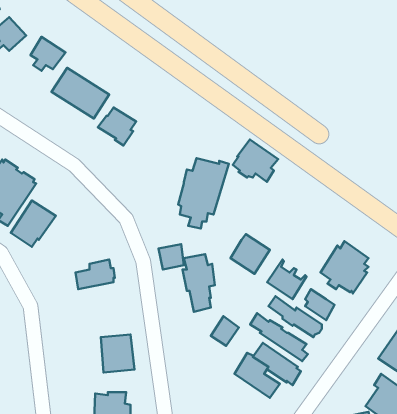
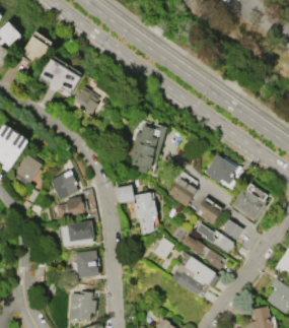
building: [233,139,278,182] -> [205,154,237,185]
building: none -> [50,170,78,200]
building: none -> [61,220,94,246]

